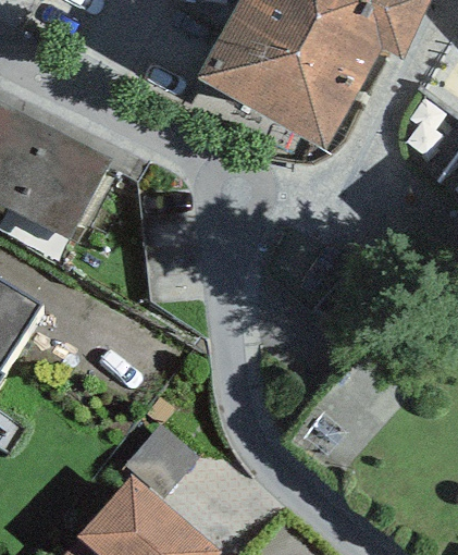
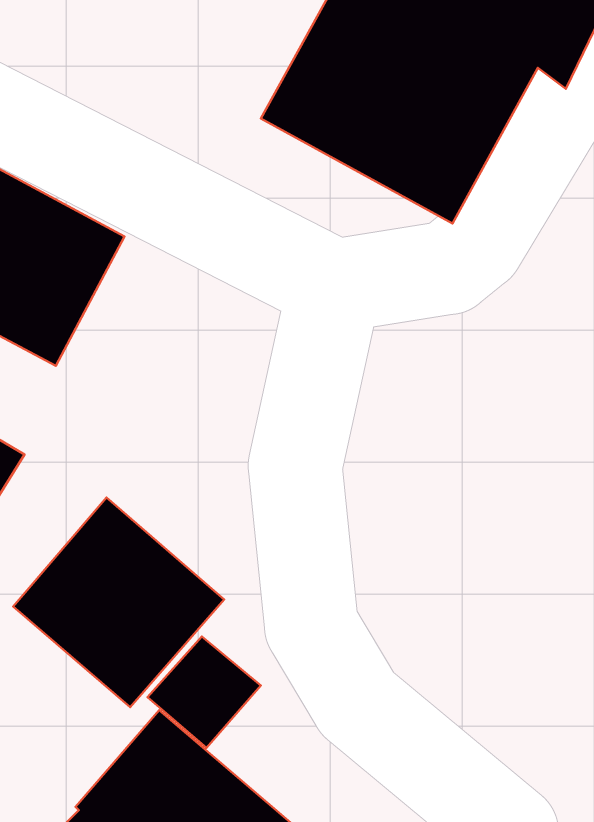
building: none -> [13,497,224,707]

